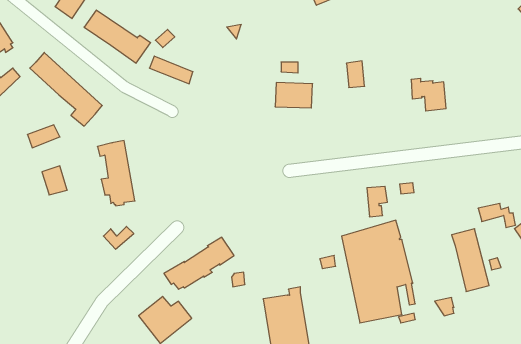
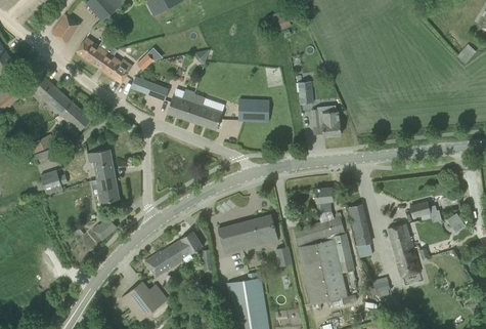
building: none -> [167,89,222,130]
building: [411,78,446,111] -> [311,109,341,136]
building: none -> [348,204,371,245]
building: none -> [217,214,275,254]

